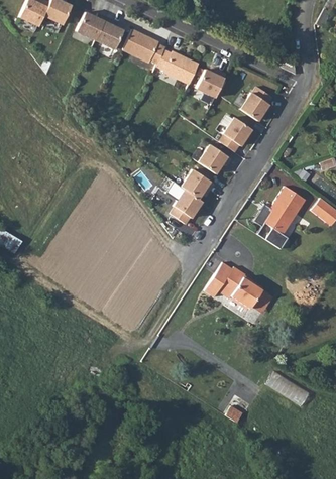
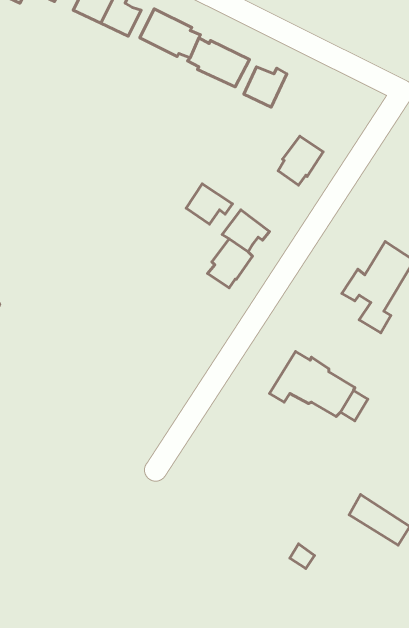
building: [238,87,270,121] -> none
building: [197,145,229,173] -> [186,184,232,224]

